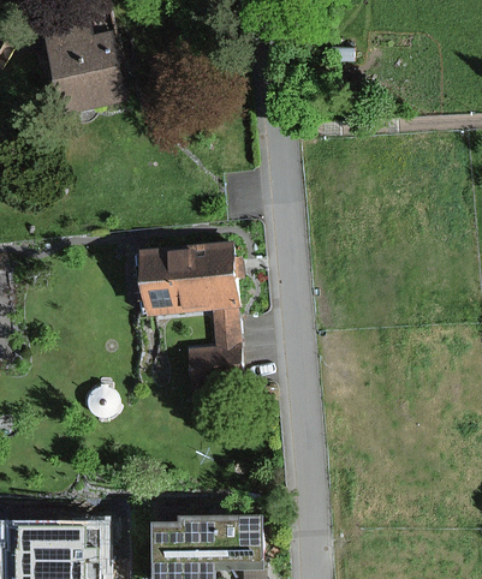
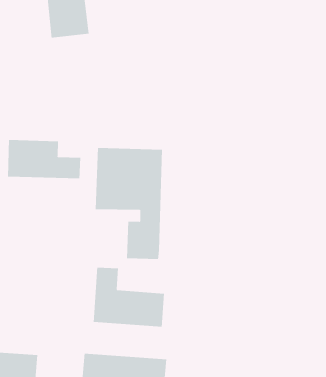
building: none -> [7,139,81,179]
building: none -> [93,267,164,328]

